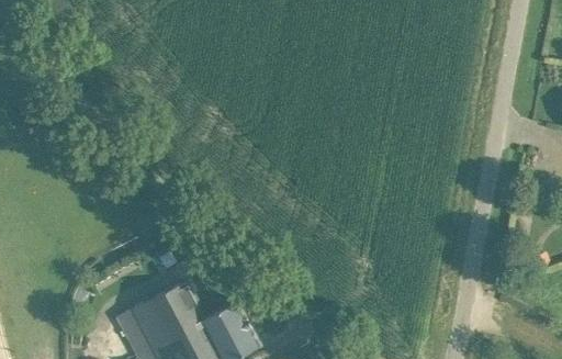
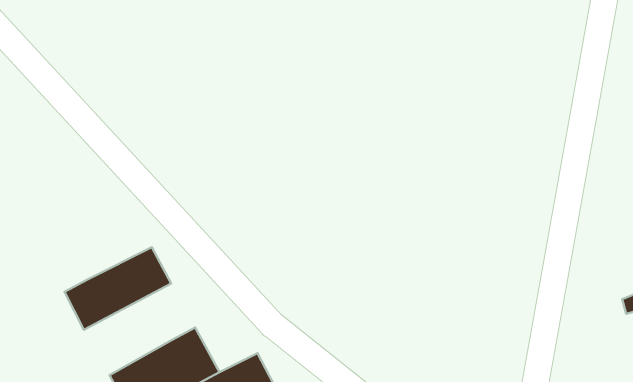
building: none -> [64,247,171,330]

